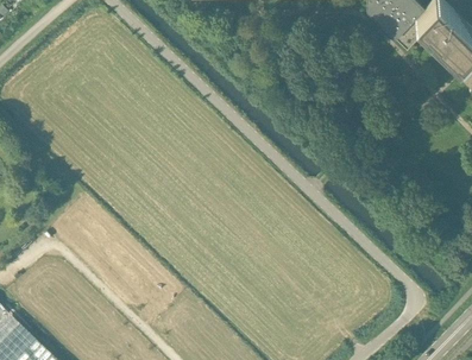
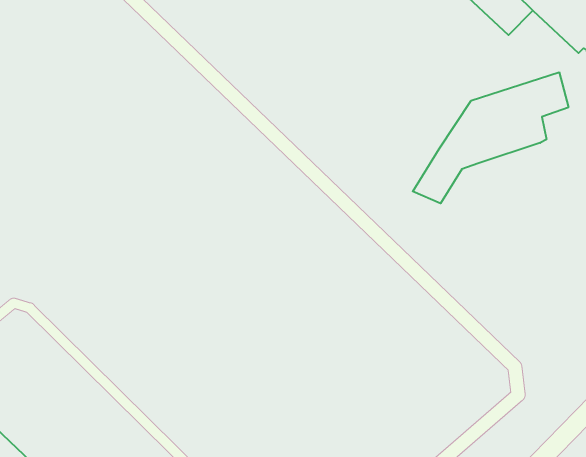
building: none -> [413,72,568,203]

